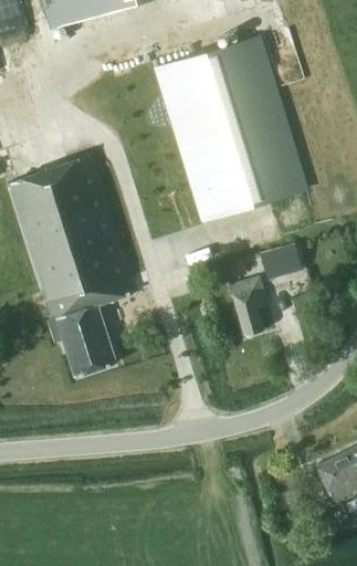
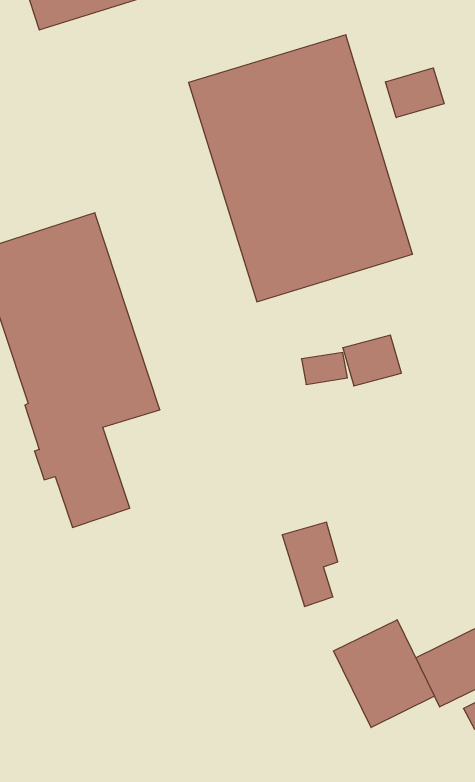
building: none -> [385,68,444,118]
building: [229,277,267,336] -> [282,522,338,606]
building: none -> [334,620,434,728]

